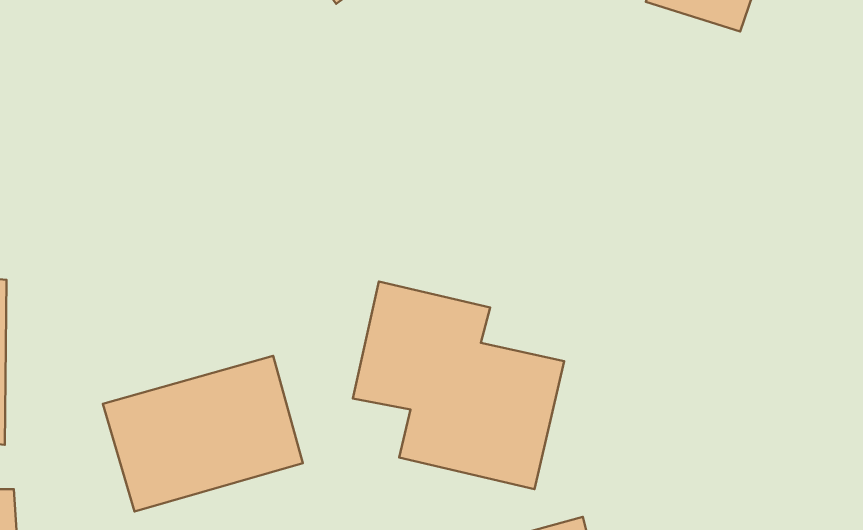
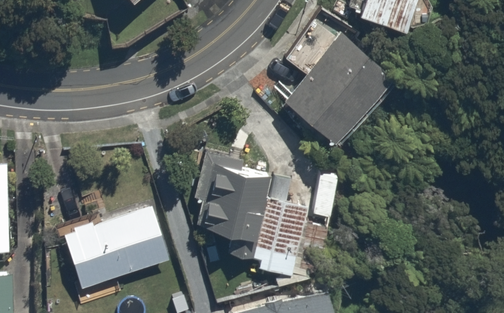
building: none -> [281,40,386,146]

